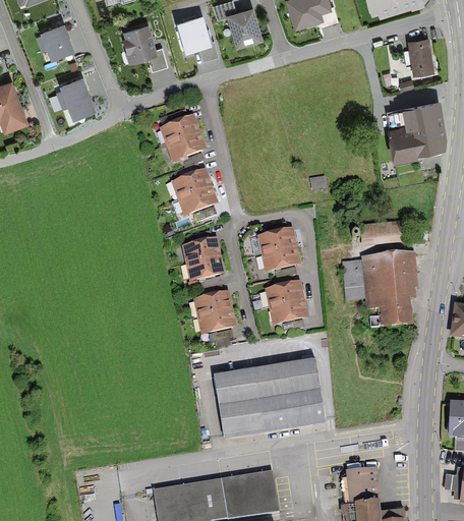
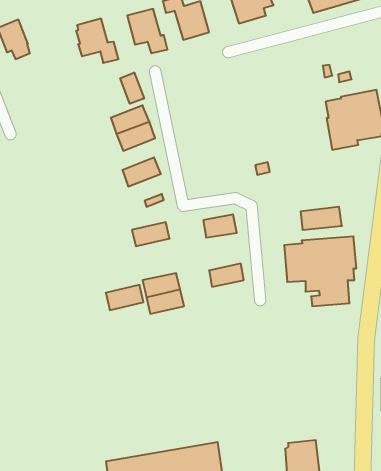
building: [408,36,434,72] -> none
building: [60,75,94,117] -> none
building: none -> [120,72,144,104]
building: [178,186,218,216] -> none
building: [260,248,295,270] -> none
building: [186,254,226,281] -> [106,285,143,310]
building: [267,298,304,324] -> none
building: [215,359,327,439] -> none

